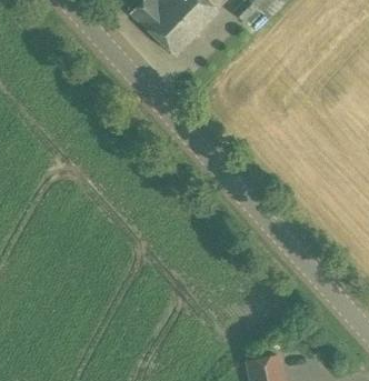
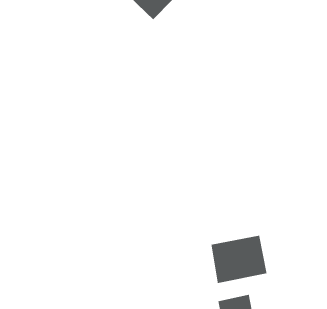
building: none -> [211,235,267,284]

